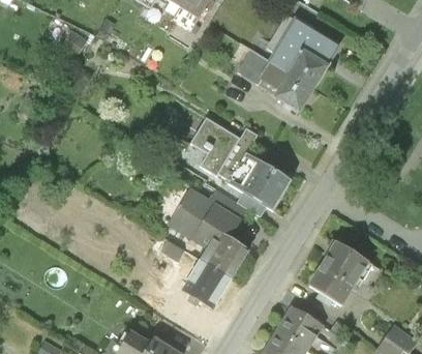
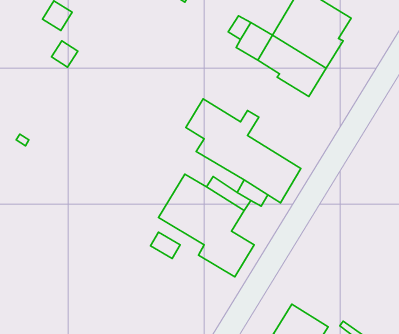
building: [304,239,366,304] -> none
building: [185,259,236,307] -> none

